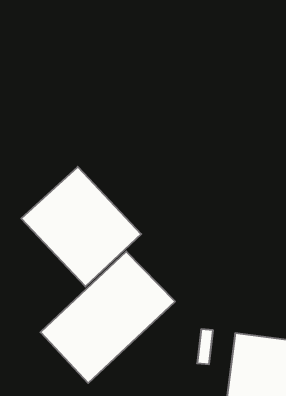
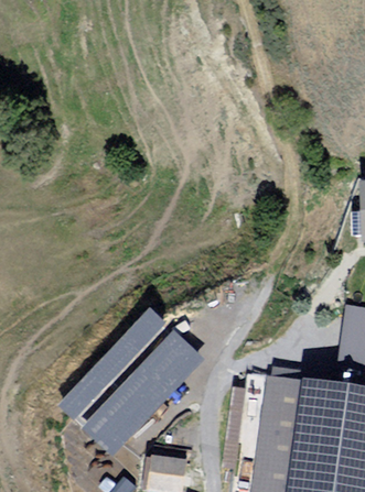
building: [21,167,141,287] -> none

